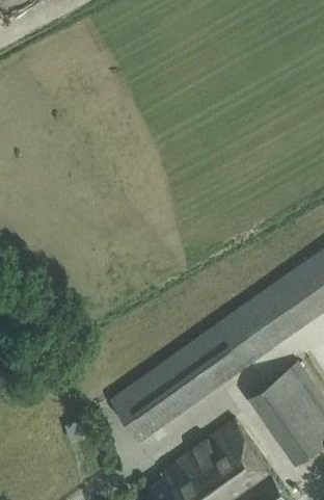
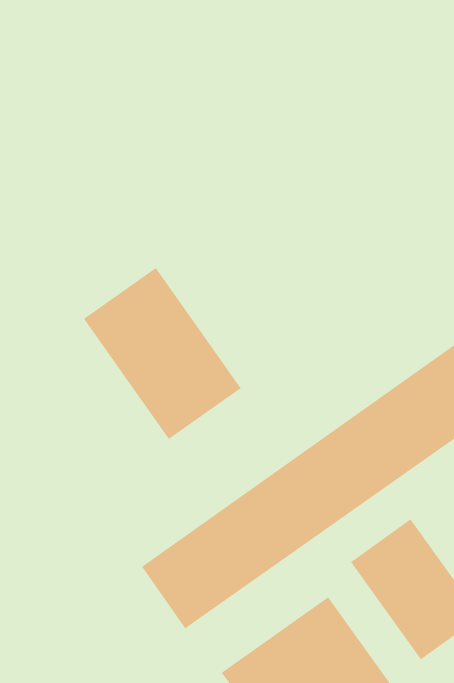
building: none -> [83,267,242,440]

